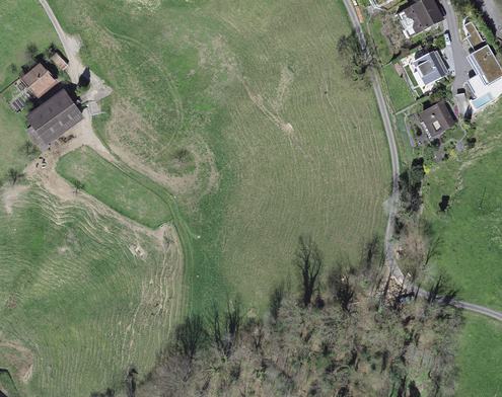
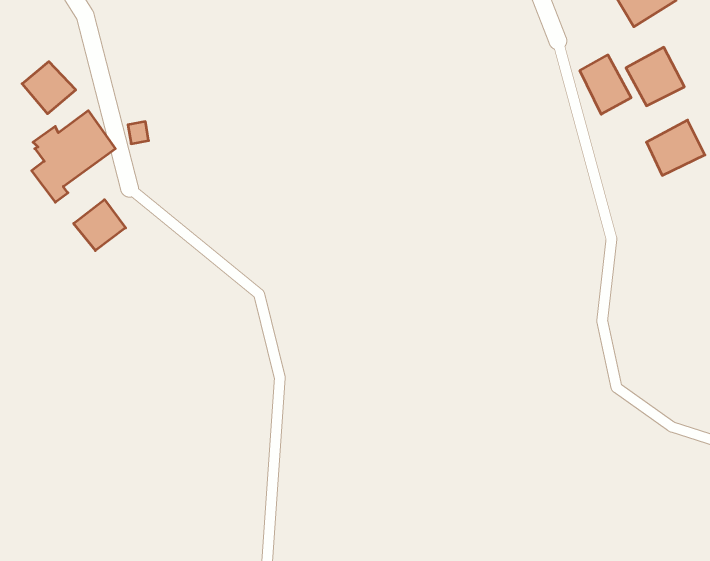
building: none -> [580,55,631,114]
building: none -> [74,200,126,251]

